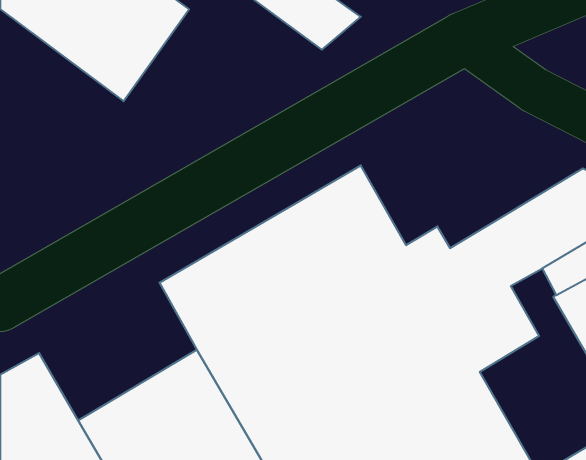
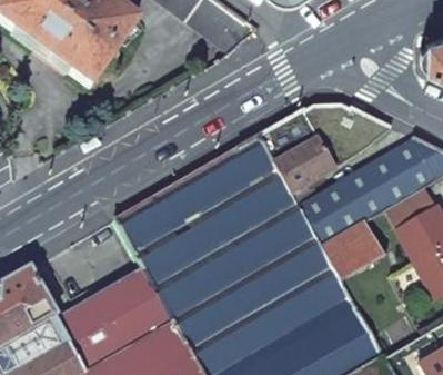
building: none -> [258,105,393,191]

